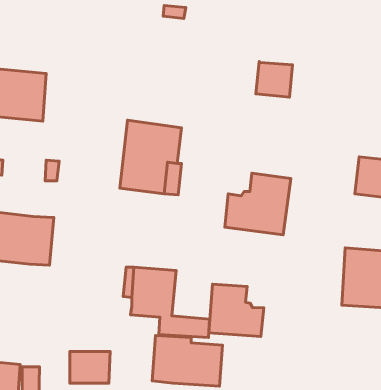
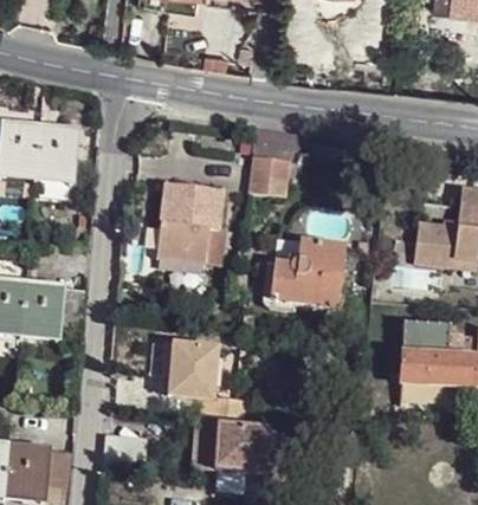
building: [256,61,293,97] -> [248,156,289,195]
building: [209,284,264,337] -> none

